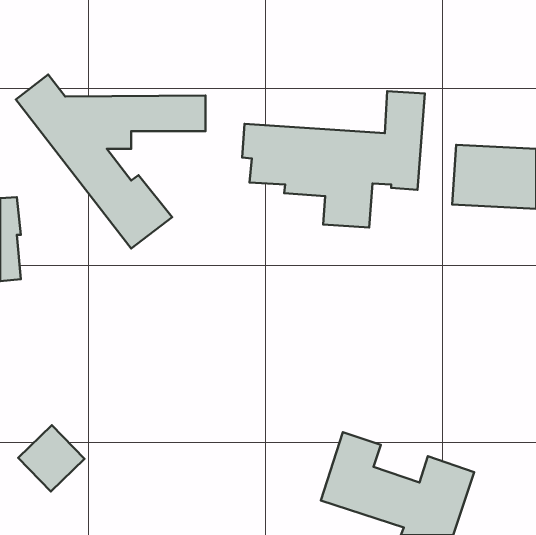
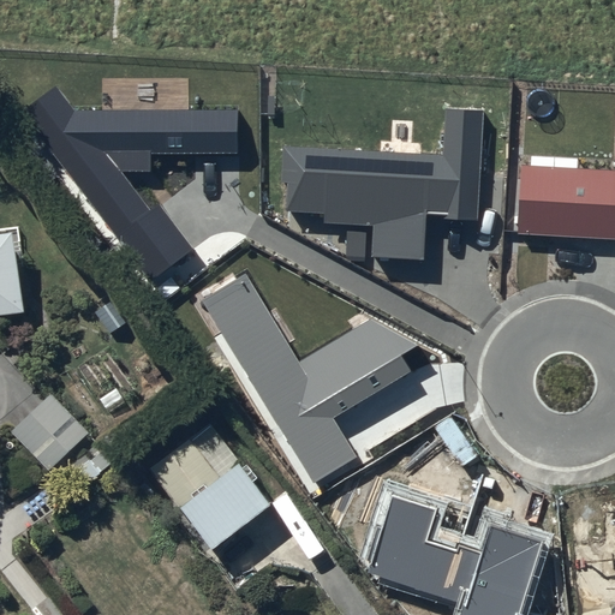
building: none -> [199,273,428,484]
building: none -> [148,432,271,559]
building: [18,425,84,491] -> [11,396,86,472]

